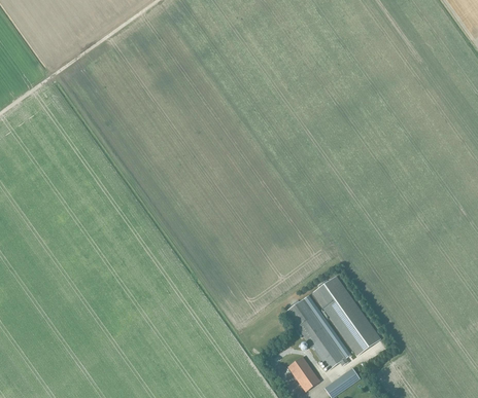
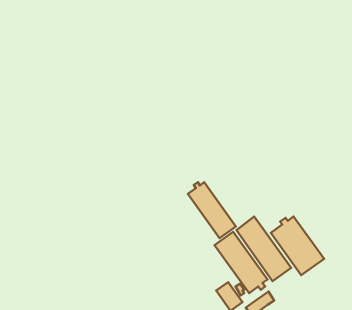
building: none -> [188,182,236,238]
building: none -> [271,216,324,275]

